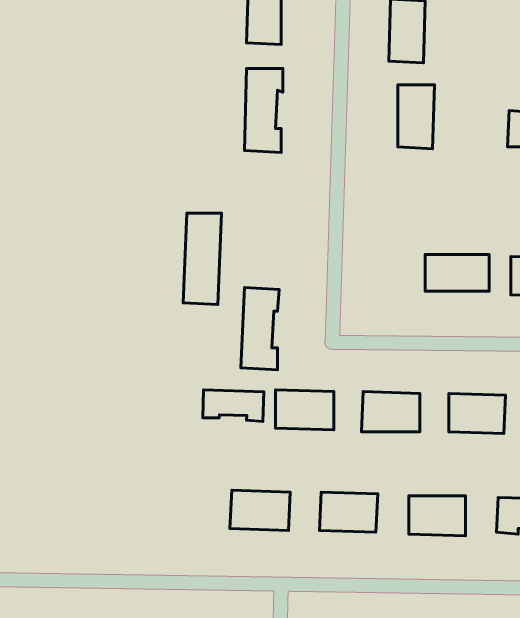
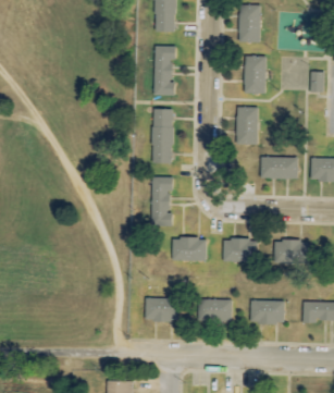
building: none -> [237,107,259,145]
building: [183,213,222,305] -> [151,109,174,163]
building: [203,390,264,421] -> none

